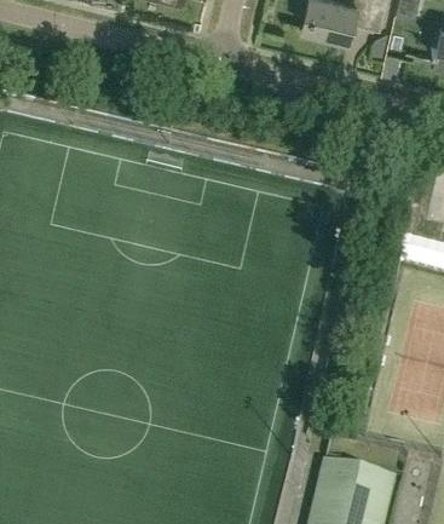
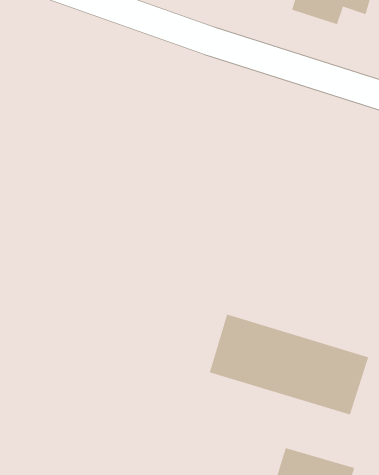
building: none -> [209,314,369,416]

